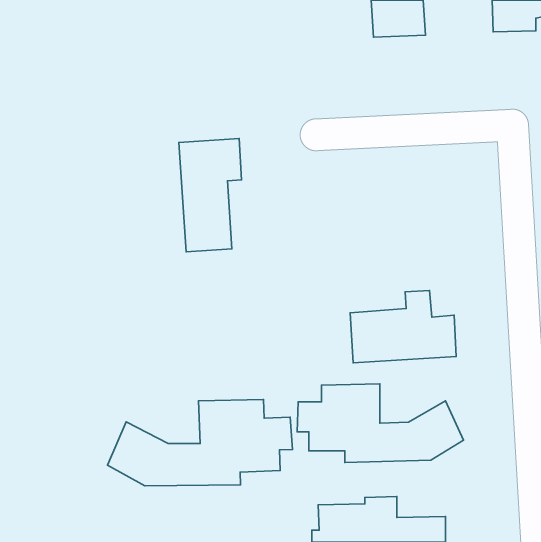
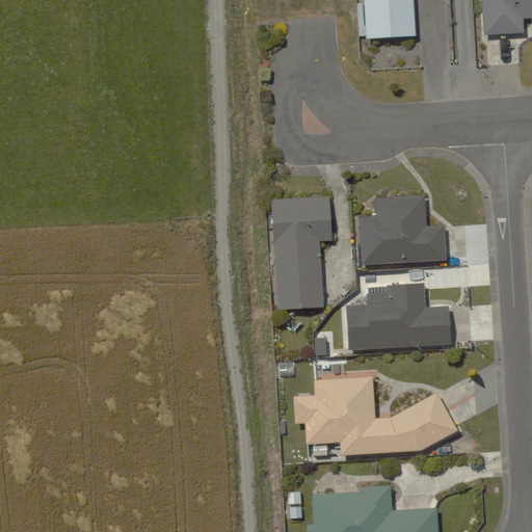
building: [179,138,241,252] -> [270,197,331,309]
building: none -> [357,192,444,265]
building: [108,400,292,486] -> none

